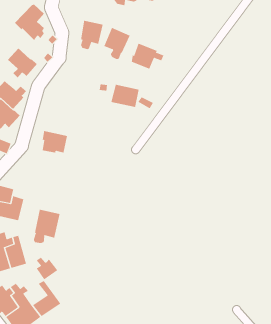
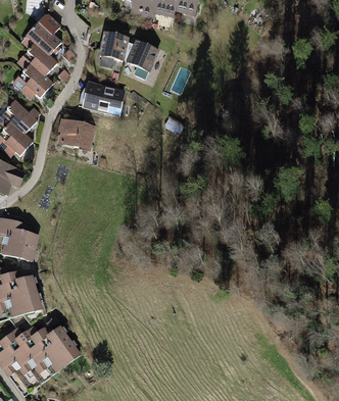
building: none -> [22,42,58,76]
building: [131,42,164,69] -> none
building: [111,84,139,107] -> [88,85,120,111]
building: [42,131,68,153] -> [63,119,93,145]
building: [33,209,60,244] -> none
building: [36,257,58,280] -> [38,329,63,355]

